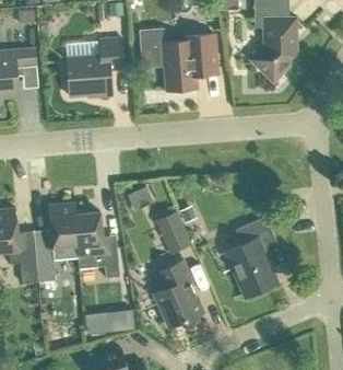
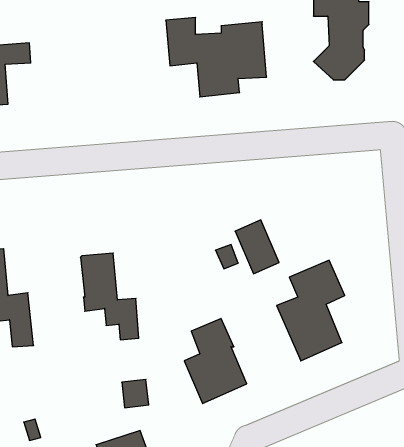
building: [66,37,123,95] -> none
building: [34,201,78,281] -> none
building: [156,210,190,252] -> [235,220,279,274]

